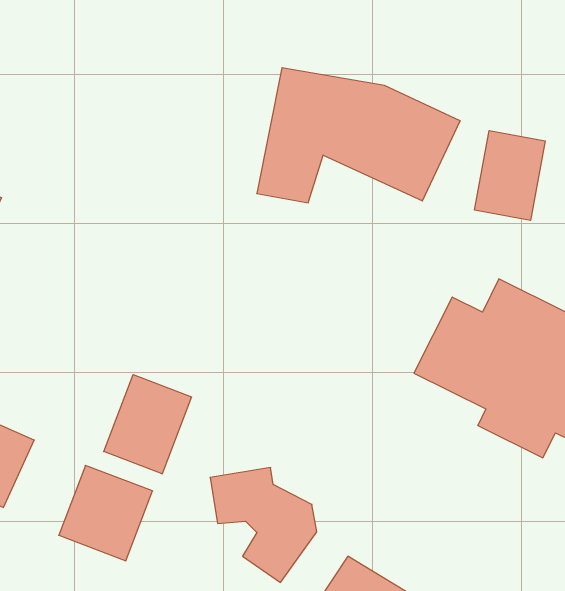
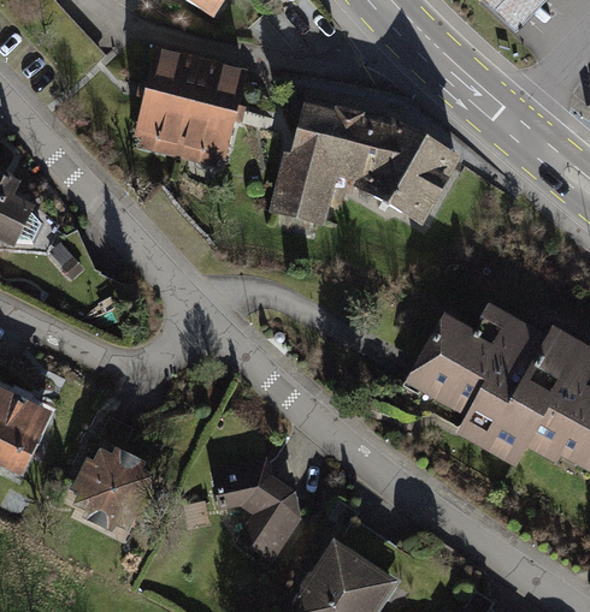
building: none -> [134,49,248,160]
building: [475,131,545,220] -> none
building: [104,375,192,474] -> none

